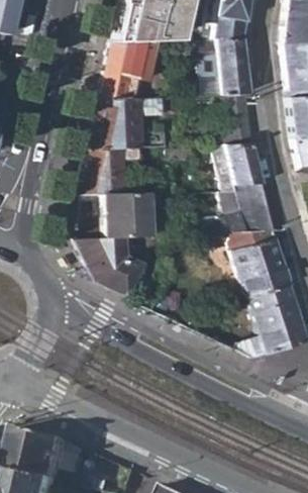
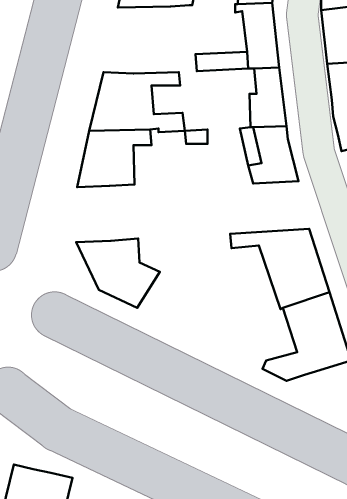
building: [98,42,155,99] -> none
building: [185,190,272,235] -> none
building: [103,193,149,240] -> none

